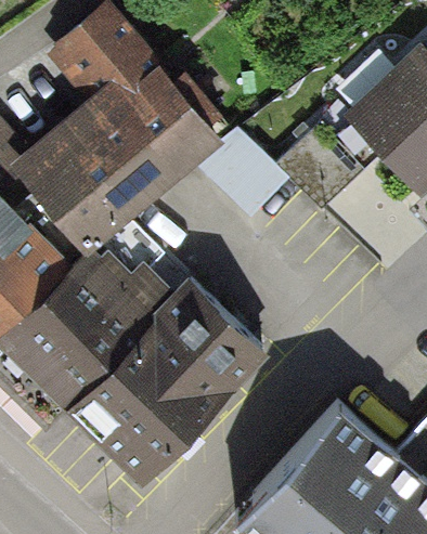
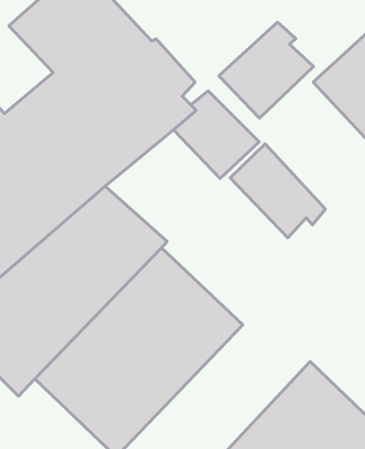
building: none -> [219,22,314,118]
building: none -> [230,144,326,238]

